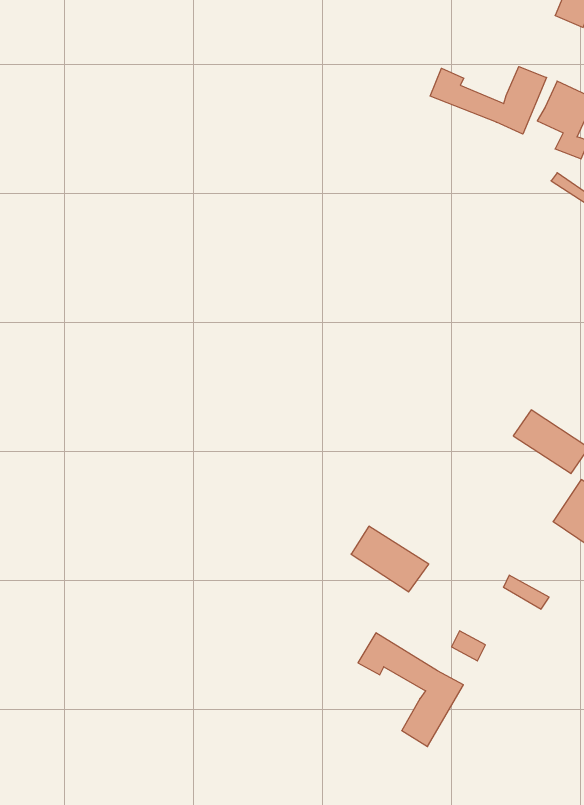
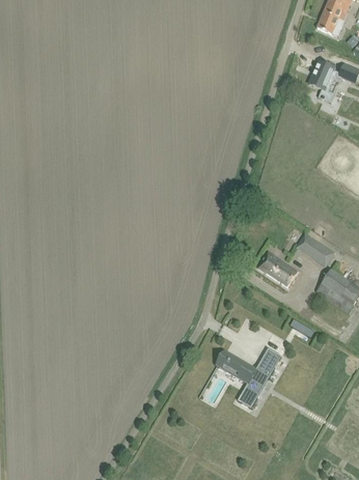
building: [430,67,547,134] -> none
building: [351,526,429,592] -> [257,252,298,286]

